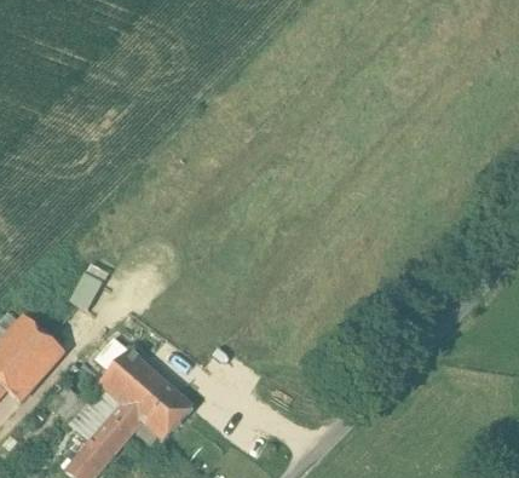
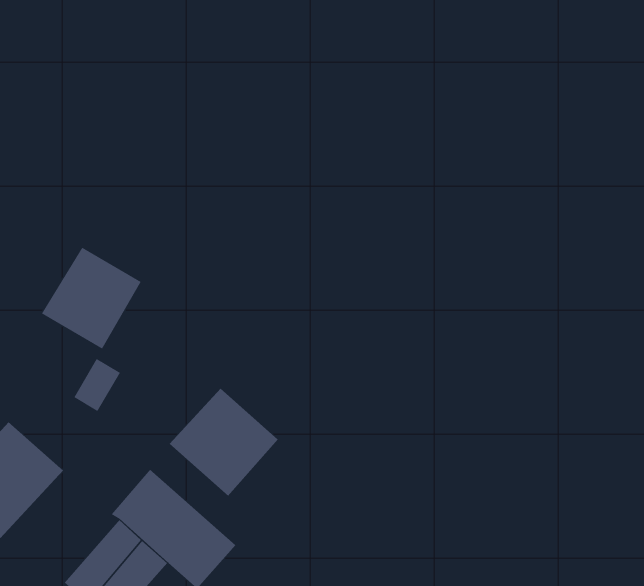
building: none -> [41,247,141,350]
building: none -> [169,388,278,497]

